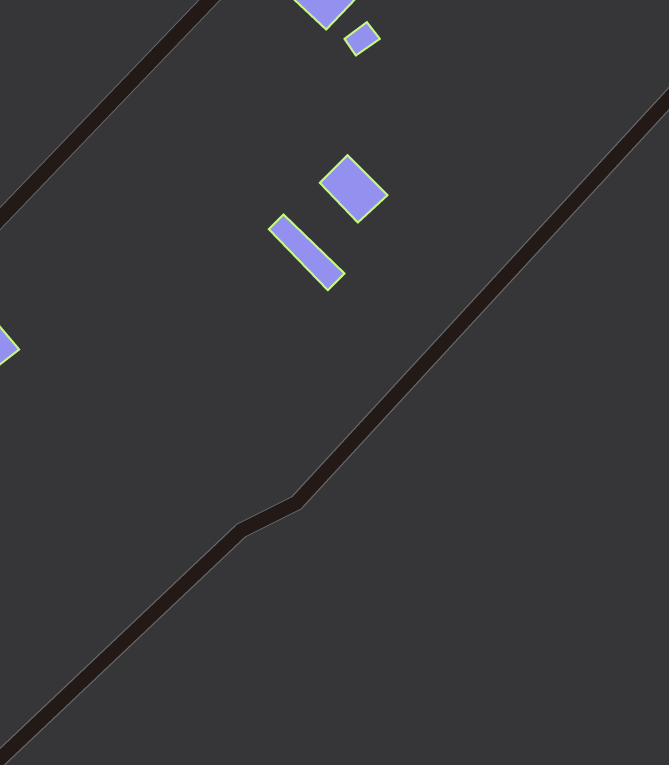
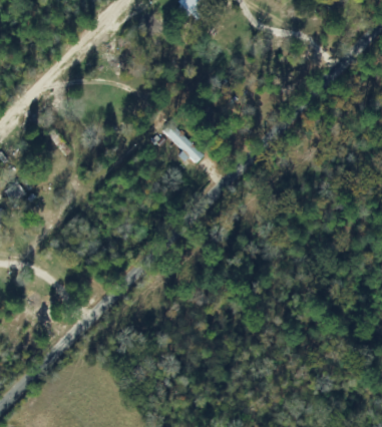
building: [320,155,388,222] -> none

